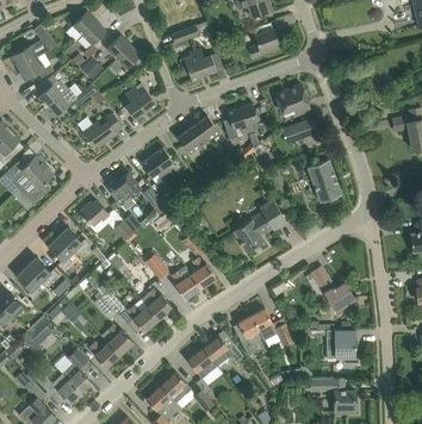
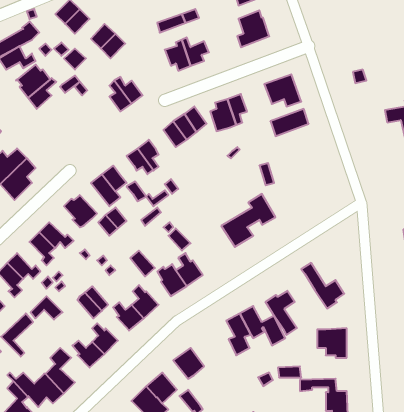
building: [82,114,120,148] -> none
building: [306,160,341,204] -> none
building: none -> [266,291,297,335]
building: [203,336,244,367] -> none

